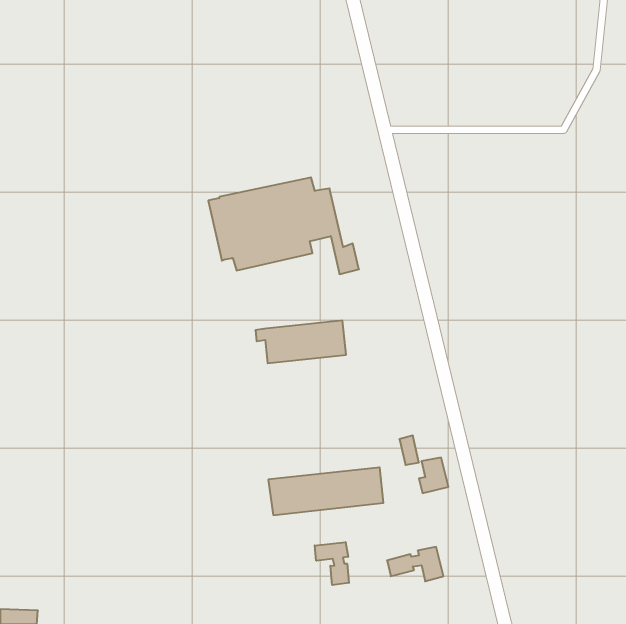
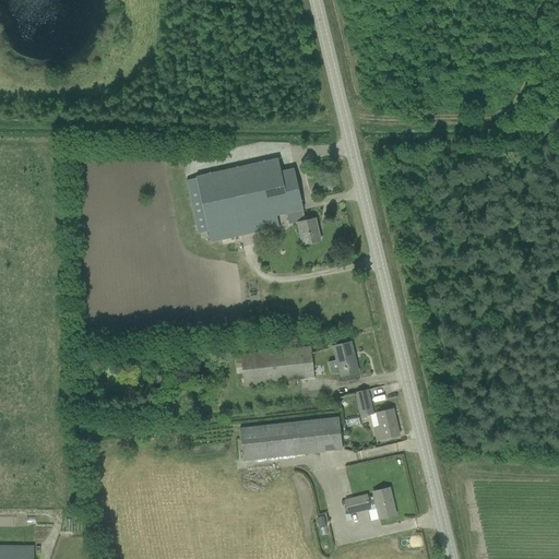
building: [255,320,346,363] -> [234,345,314,383]
building: none -> [333,342,358,376]
building: [315,542,349,585] -> none

